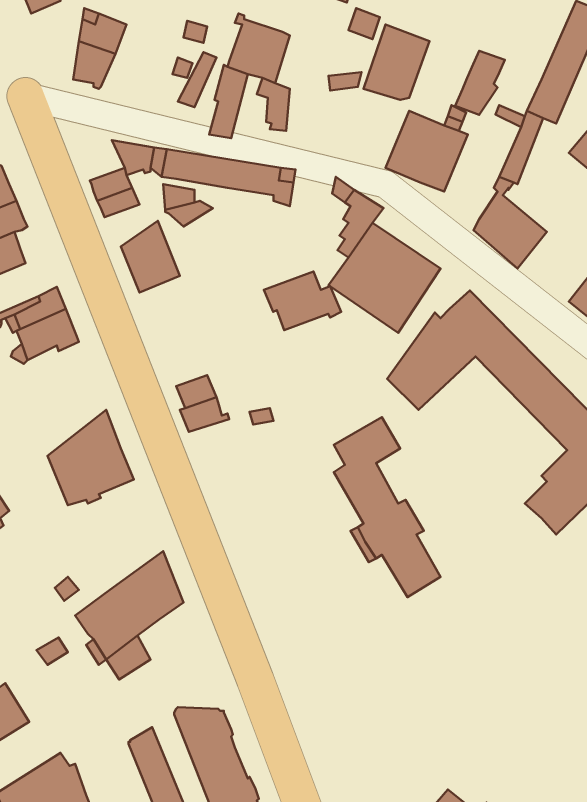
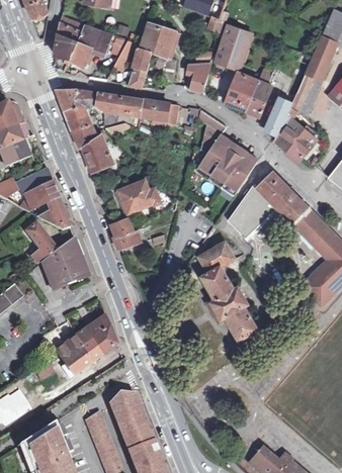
building: none -> [71,24,112,66]
building: [455,51,505,115] -> [266,96,293,131]
building: none -> [186,63,211,91]
building: none -> [57,88,84,110]
building: none -> [73,123,104,148]
building: [264,272,341,330] -> [119,179,162,211]
building: none -> [36,199,69,229]
building: none -> [26,222,57,263]

